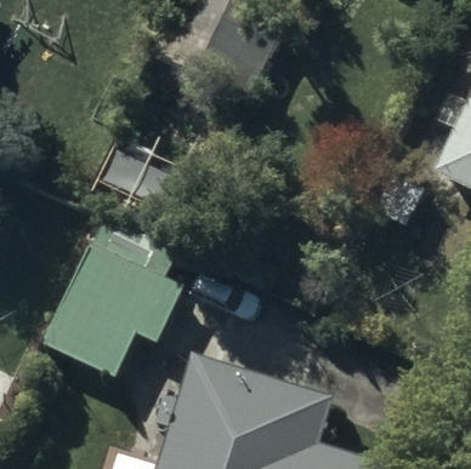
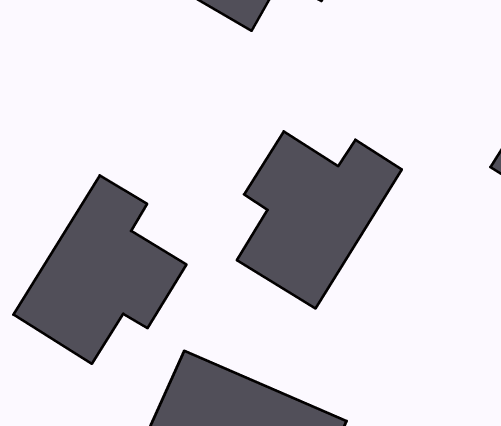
building: none -> [237,131,402,308]

